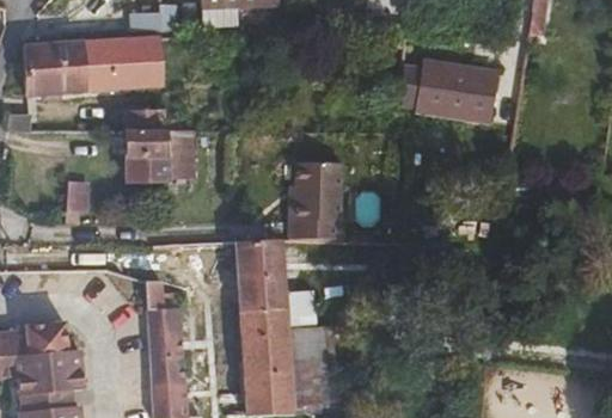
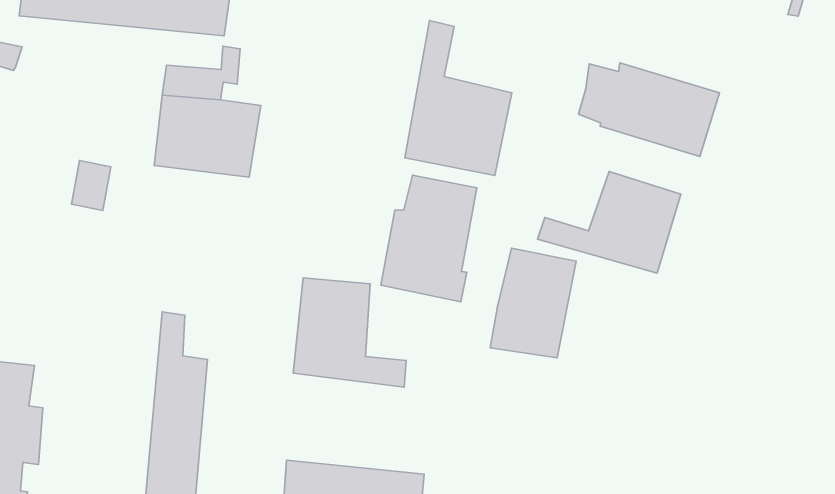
building: none -> [405,21,512,175]
building: none -> [538,172,681,273]
building: none -> [490,248,576,358]
building: [238,303,335,363] -> none

